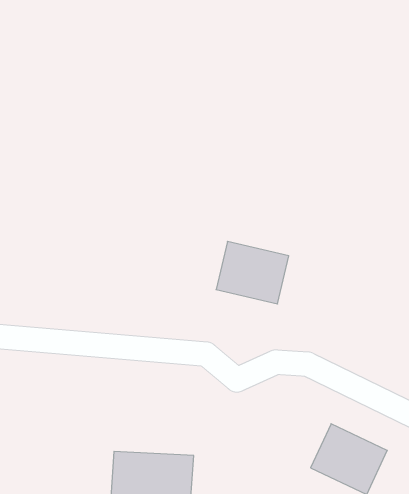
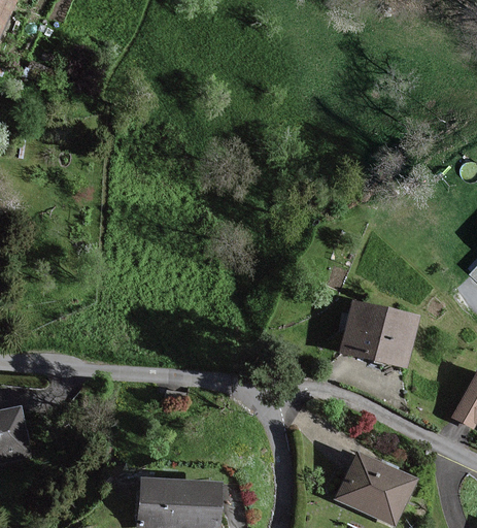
building: [216,241,289,304] -> [344,302,417,365]

